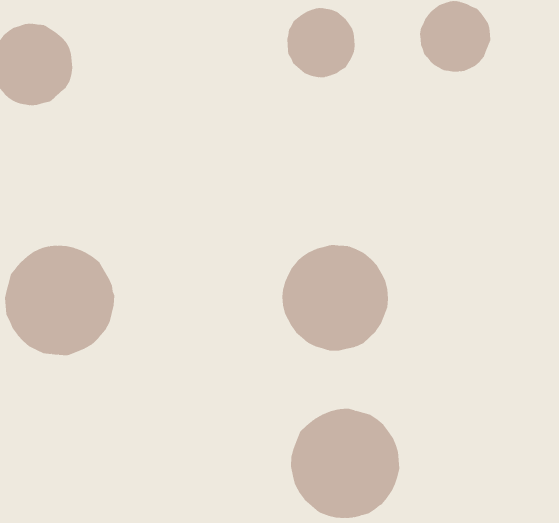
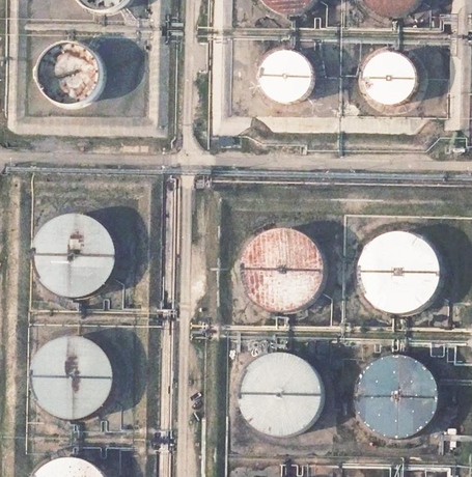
building: none -> [358,231,438,311]
building: none -> [357,356,437,436]
building: none -> [32,337,112,416]

